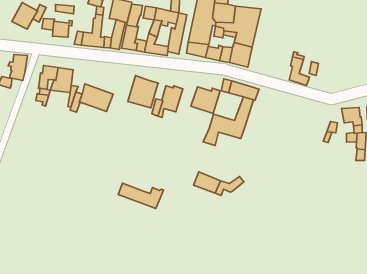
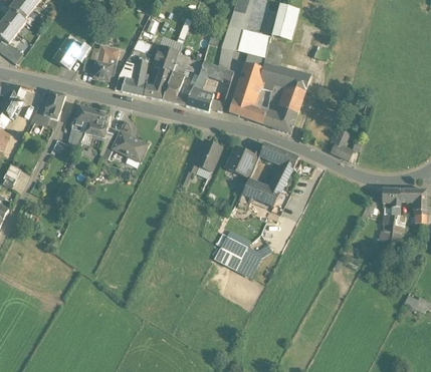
building: [128,76,159,108] -> none
building: [118,183,163,209] -> [214,247,261,277]

